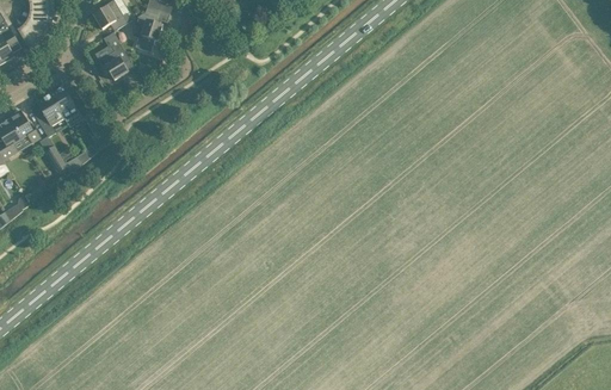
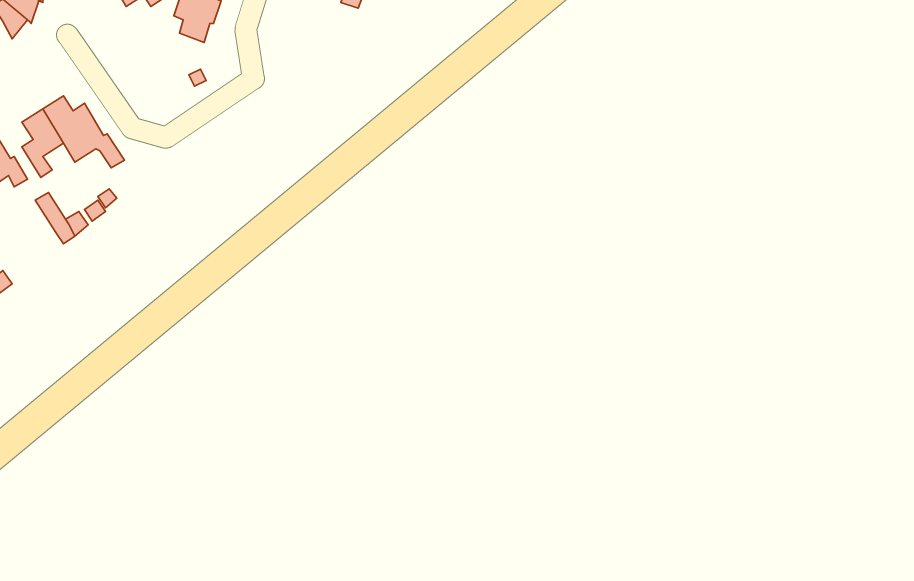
building: [97,31,126,79] -> none

